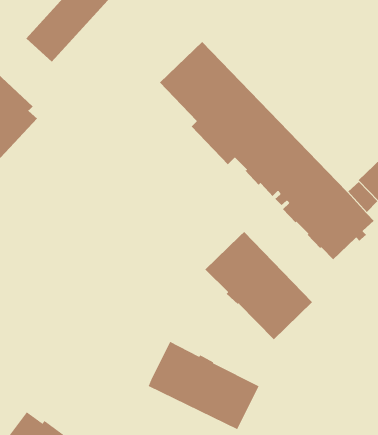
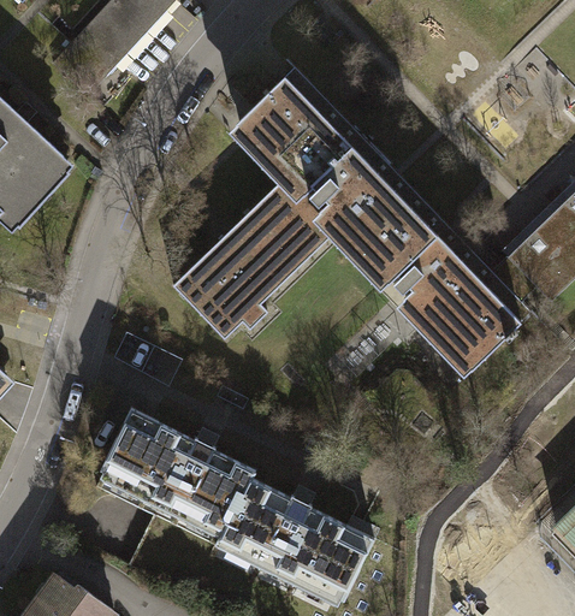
building: none -> [171,186,327,342]
building: [205,231,313,340] -> none
building: none -> [99,411,251,533]

